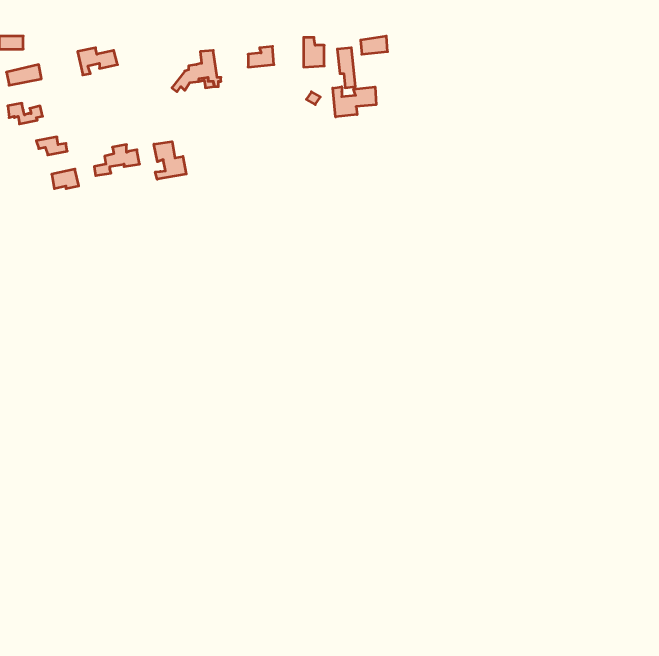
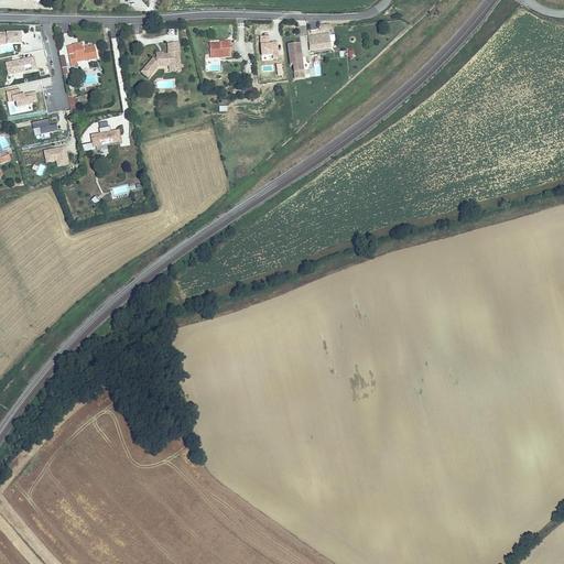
building: [333,87,376,117] -> none
building: [154,142,186,179] -> none

